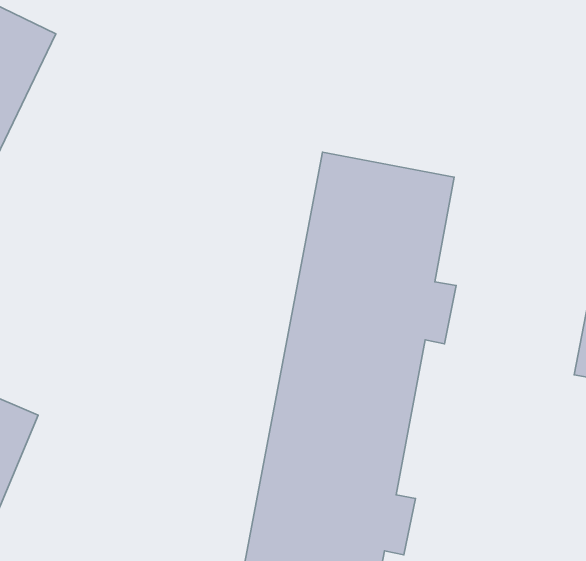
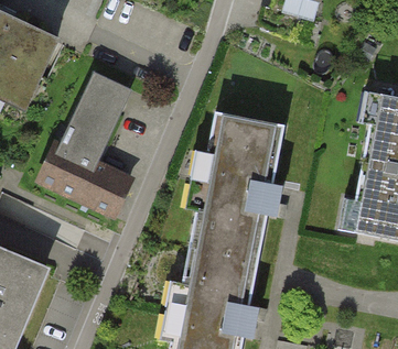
building: none -> [40,73,135,219]

